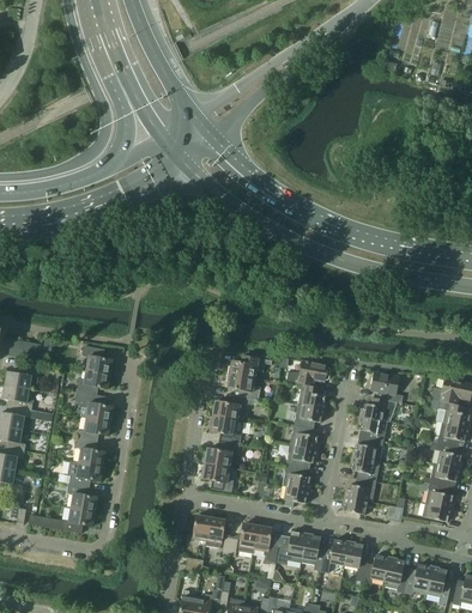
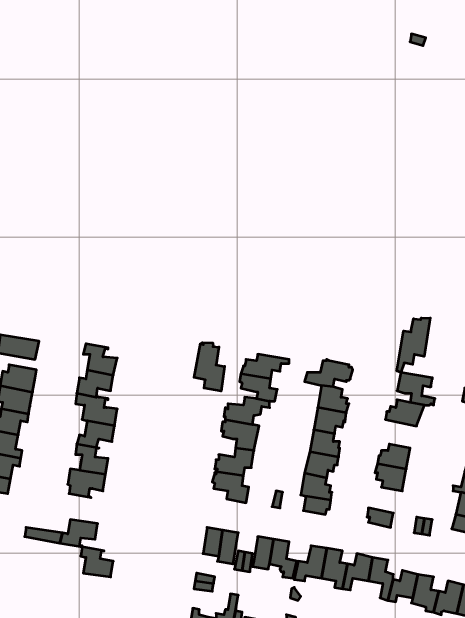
building: none -> [397,318,430,372]
building: none -> [194,343,225,391]
building: [359,415,388,442] -> none
building: [345,478,376,502] -> none
building: [68,484,98,511] -> [81,547,113,577]

